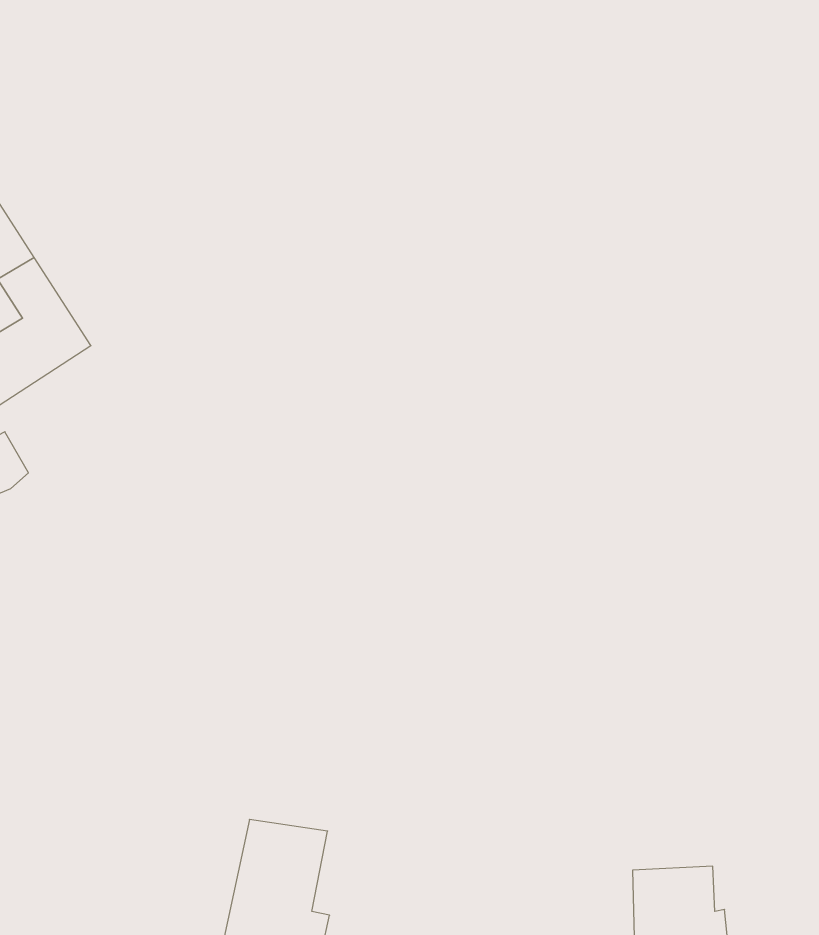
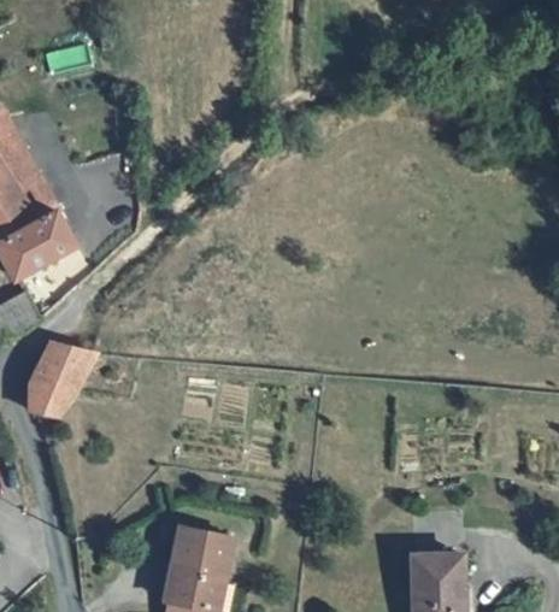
building: none -> [28,341,95,418]

